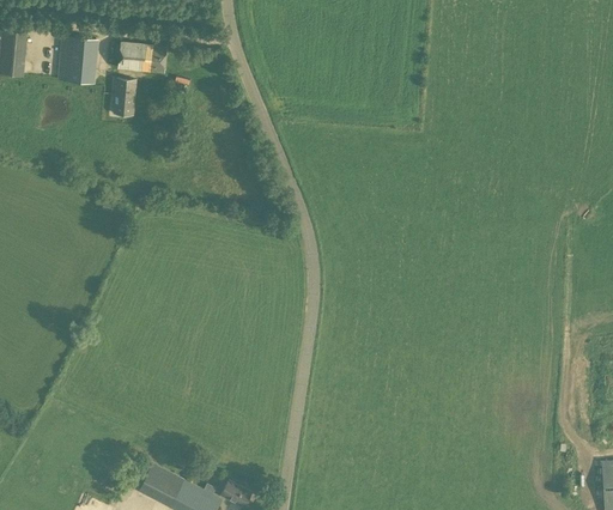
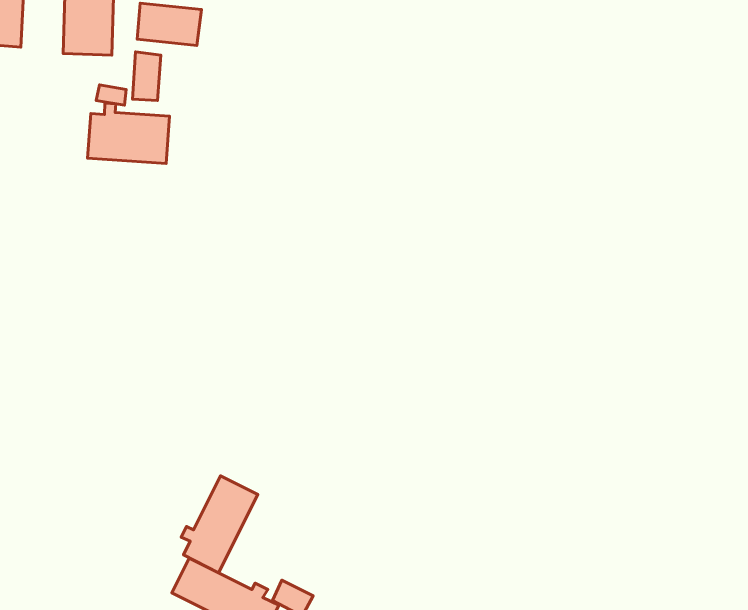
building: none -> [87,103,169,163]
building: none -> [181,476,258,573]

